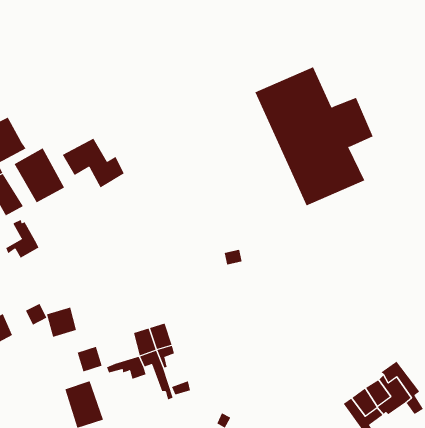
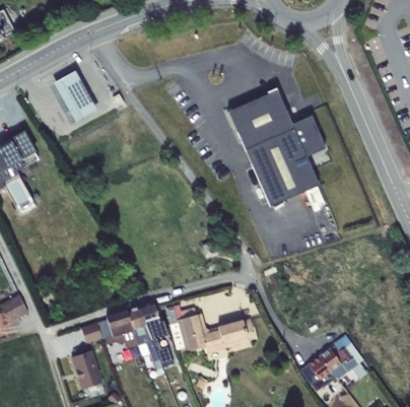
building: [62,138,125,188] -> [47,73,98,115]
building: [14,147,65,203] -> none
building: [6,219,39,259] -> none
building: [46,307,77,337] -> [108,310,133,335]
building: none -> [170,306,255,352]

